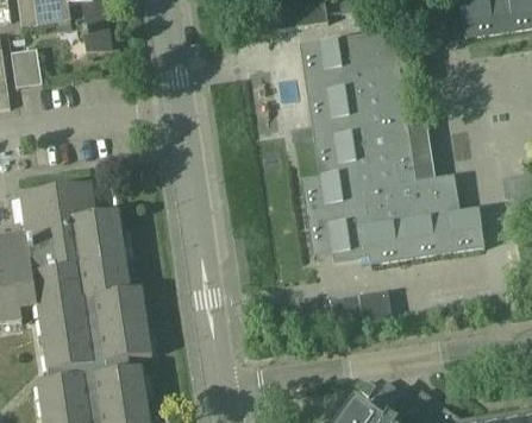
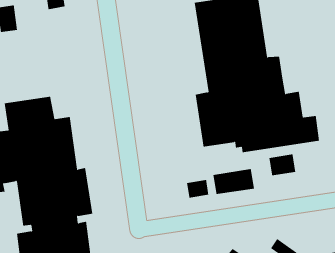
building: none -> [269,154,296,176]
building: none -> [187,179,209,198]

